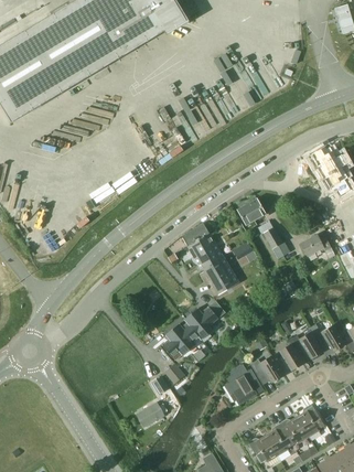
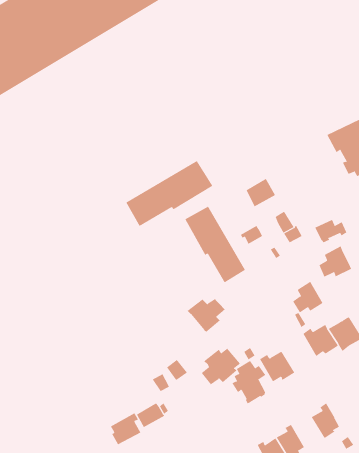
building: none -> [125,160,213,227]
building: none -> [318,245,352,278]
building: [161,322,199,356] -> [200,348,241,385]
building: [270,340,302,375] -> [288,278,323,316]
building: none -> [110,413,141,445]
building: [279,416,309,443] -> none

